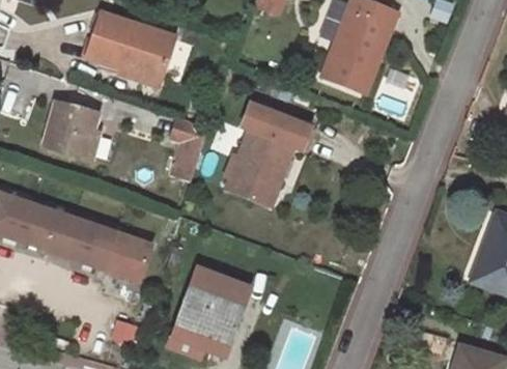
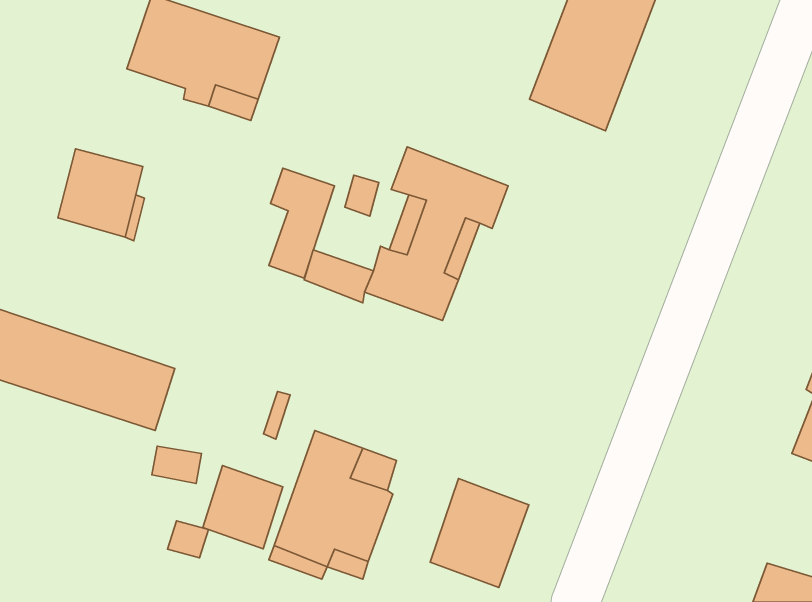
building: [103,231,149,280] -> [203,466,283,549]
building: none -> [430,479,529,587]

